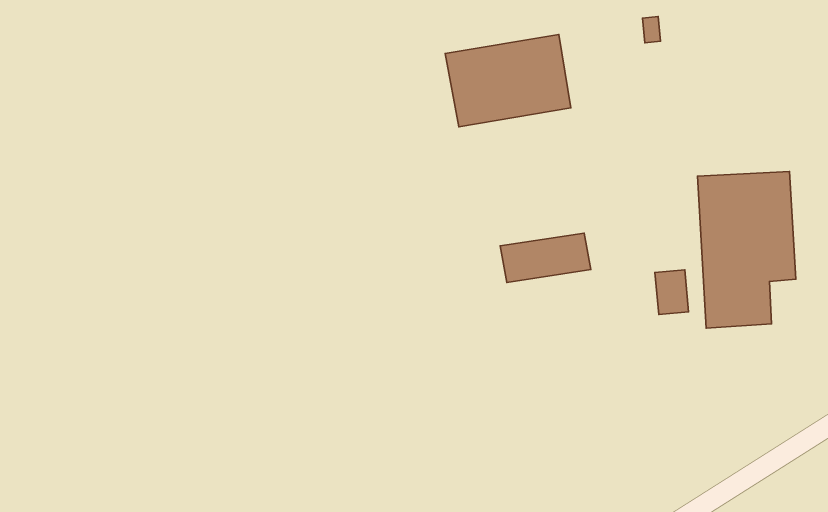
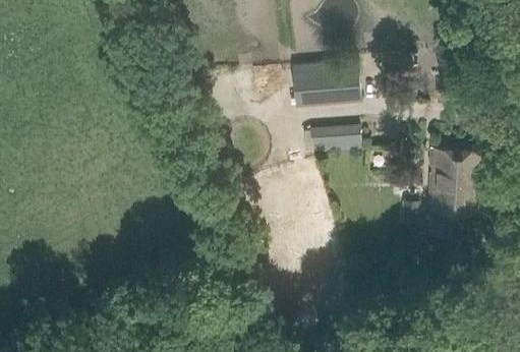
building: [500,233,591,283] -> [307,125,358,150]

